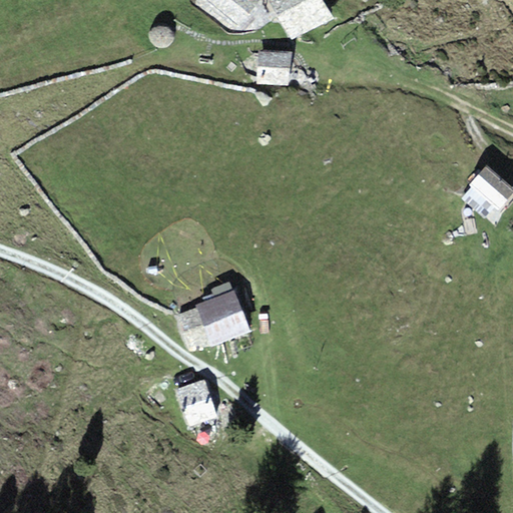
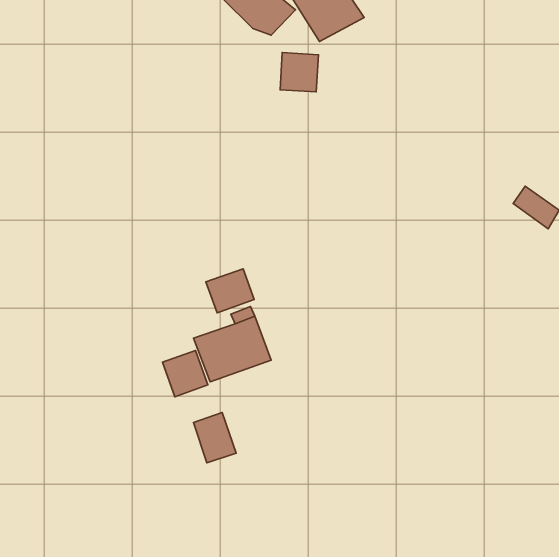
building: none -> [206,269,254,313]
building: none -> [163,350,208,397]

